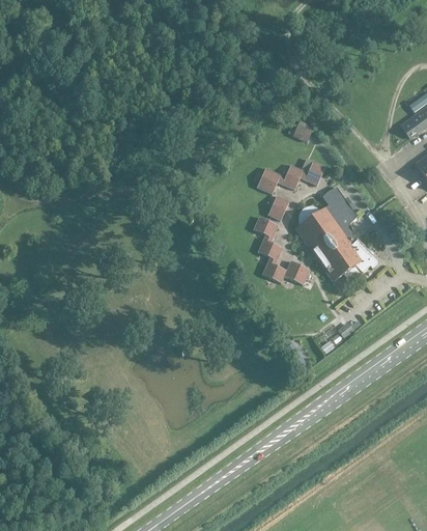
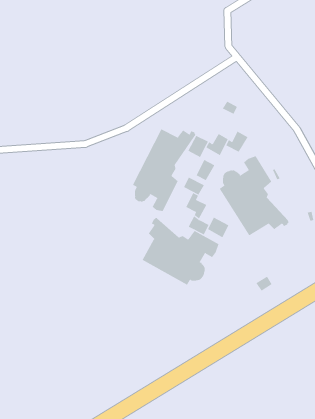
building: none -> [132,129,196,212]
building: none -> [142,217,219,286]

